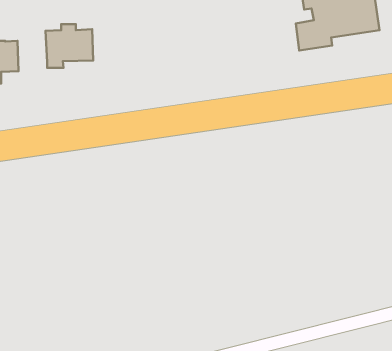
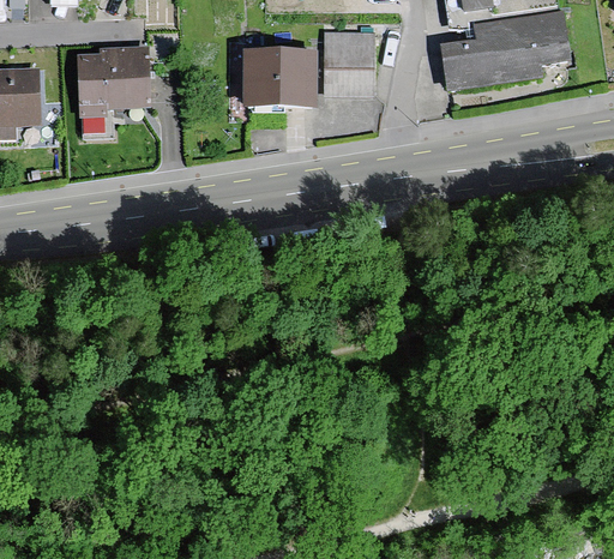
building: none -> [324,31,373,92]
building: none -> [247,54,312,104]

